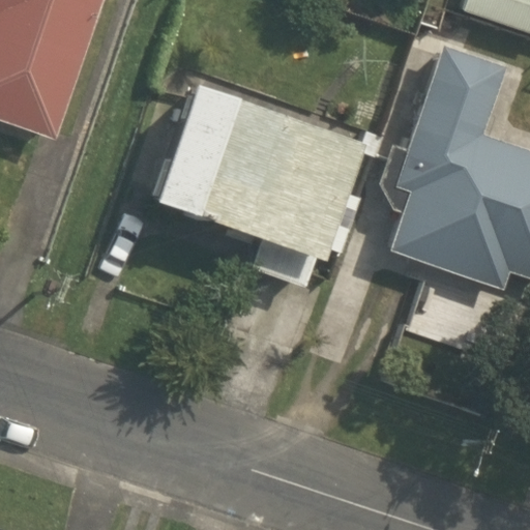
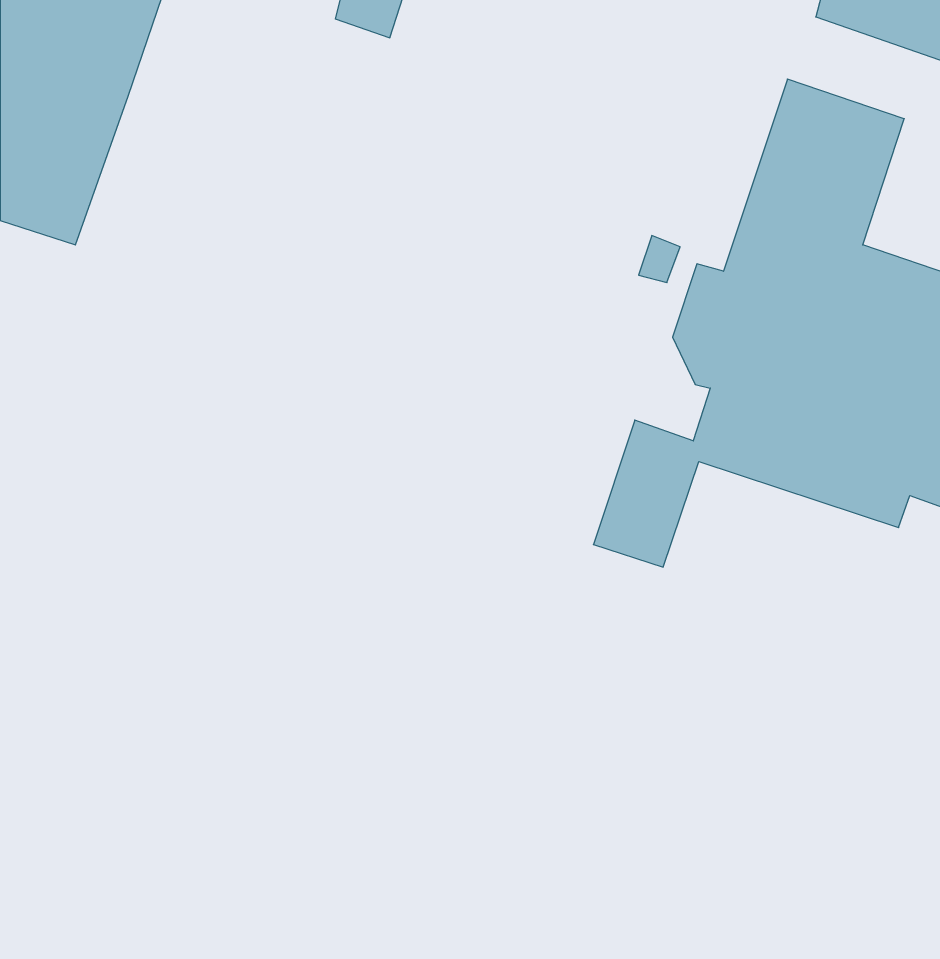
building: [156,87,360,258] -> none

